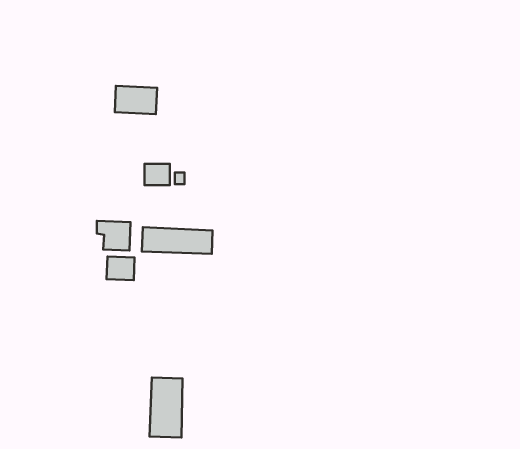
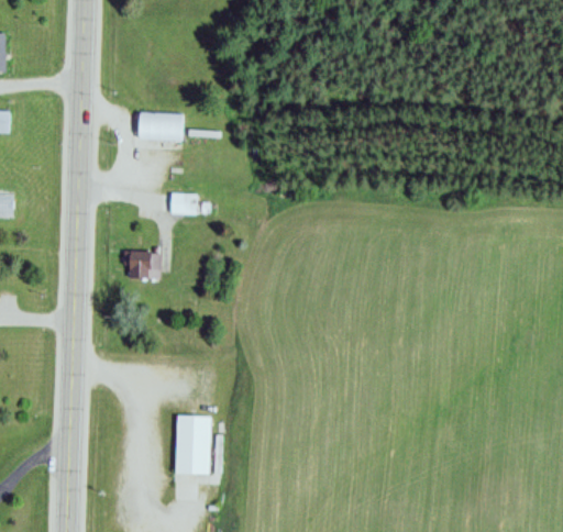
building: [142,227,213,254] -> none
building: [107,256,135,280] -> none

